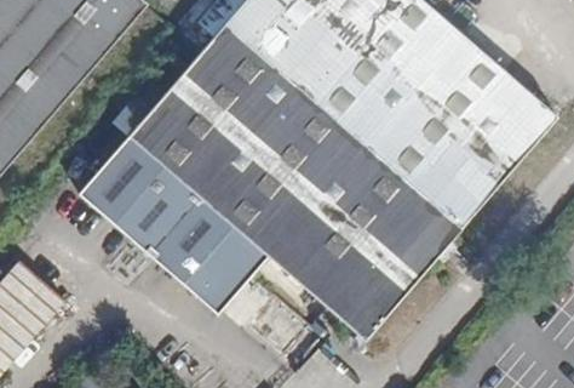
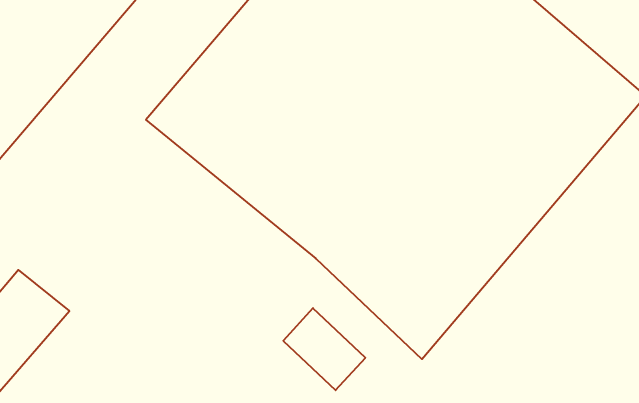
building: [81,133,274,310] -> none

